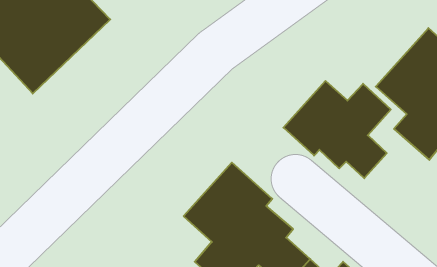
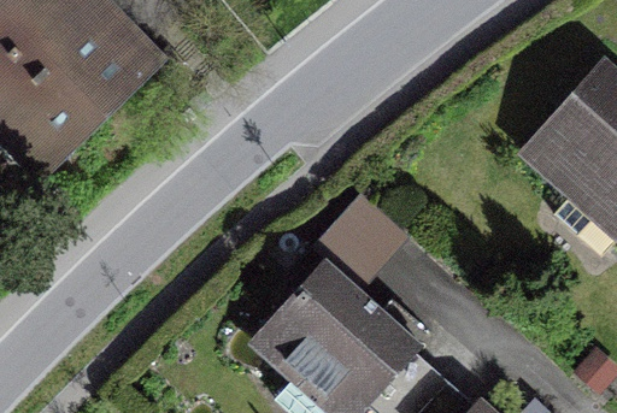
building: [283,81,391,178] -> none

